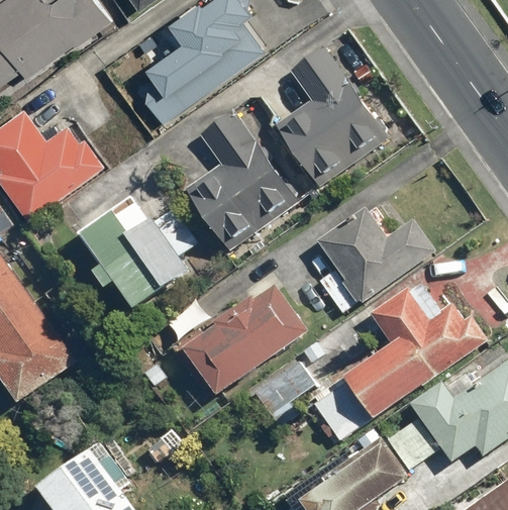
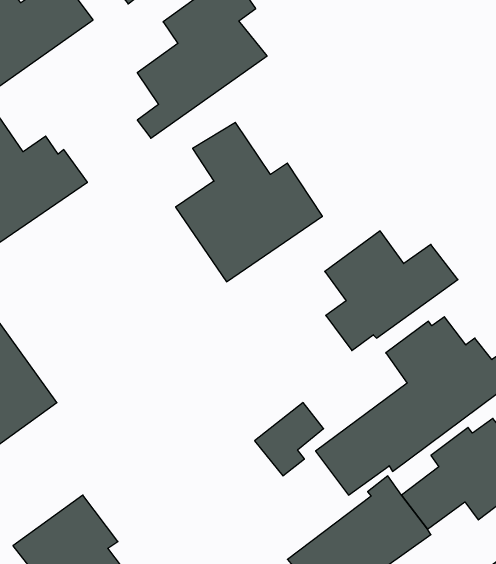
building: [256,45,387,187] -> none
building: [80,196,199,313] -> none
building: [167,281,309,404] -> none

